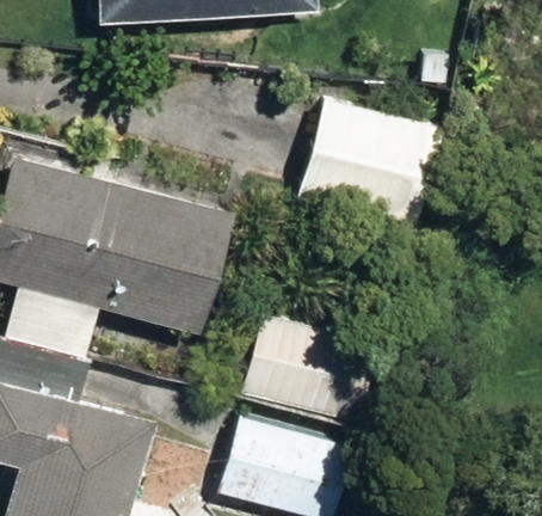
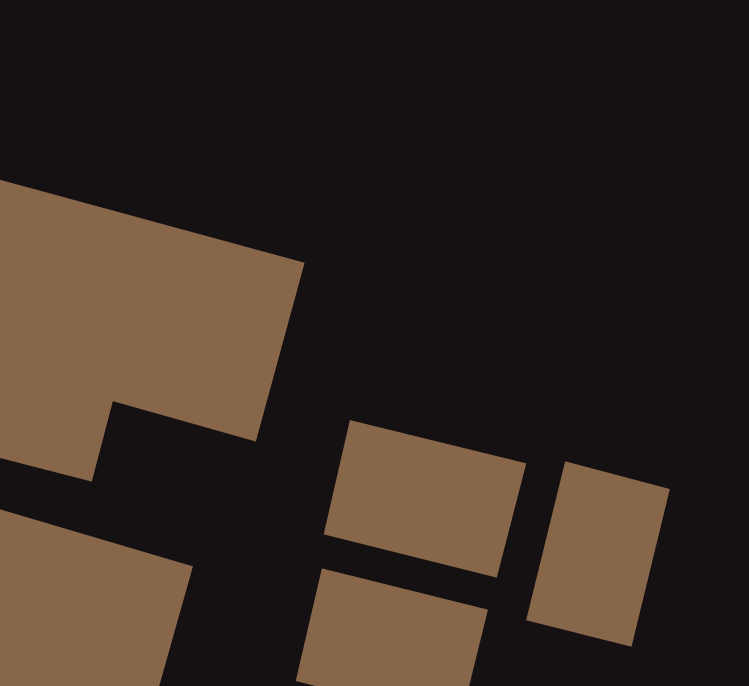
building: [301,99,448,229] -> none
building: none -> [526,460,671,647]

